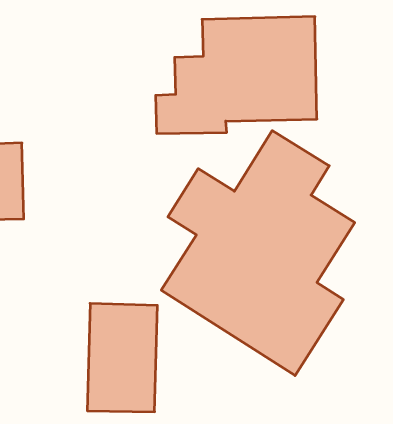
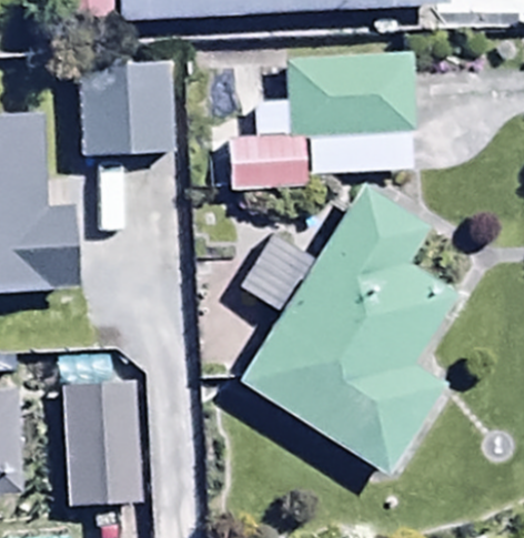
building: none -> [72,58,173,158]
building: [87,303,157,412] -> [61,379,143,506]

